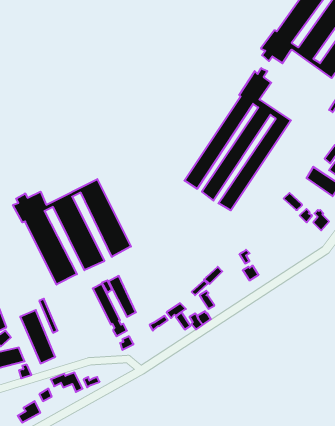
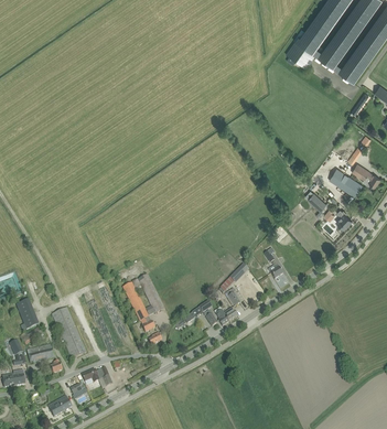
building: [184,68,291,210] -> none
building: [13,179,131,285] -> none

